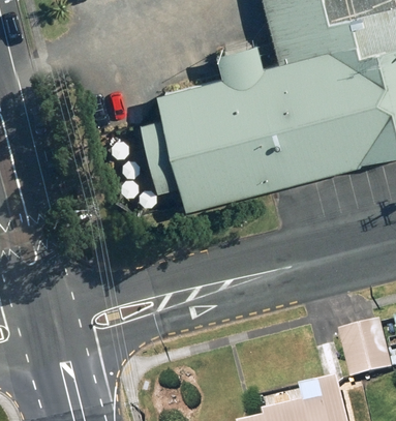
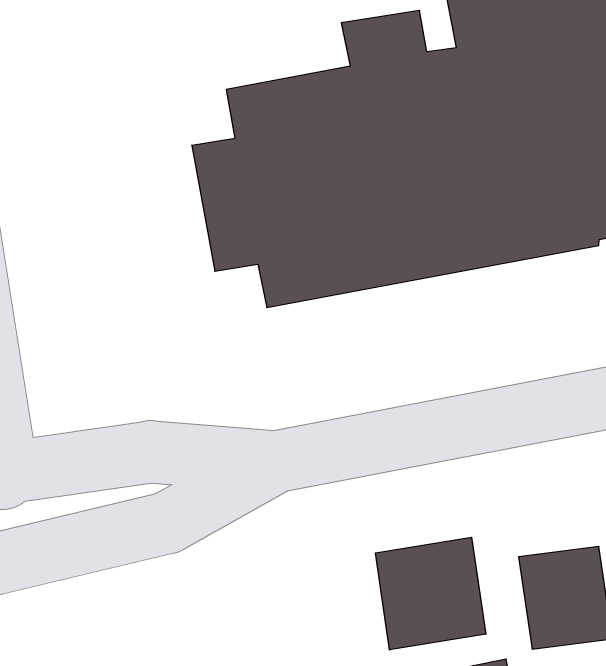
building: none -> [375,537,486,650]

